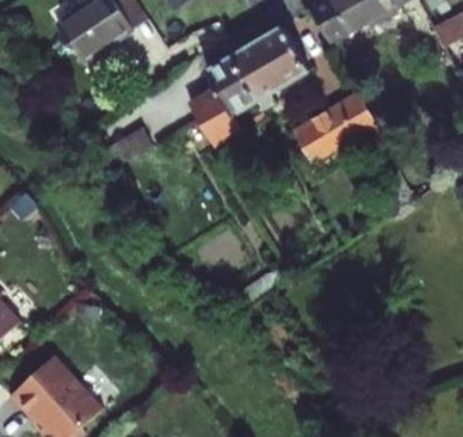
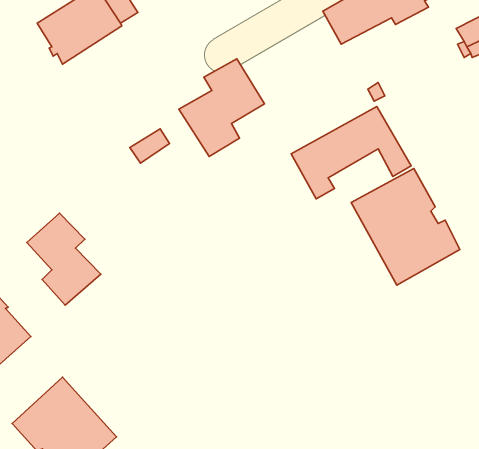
building: [226,31,296,98] -> none
building: none -> [351,168,460,285]
building: none -> [27,213,101,305]

